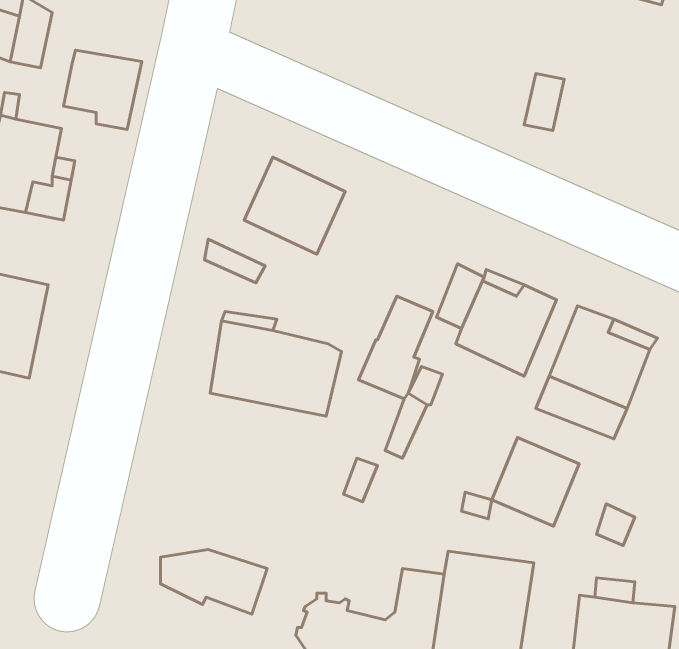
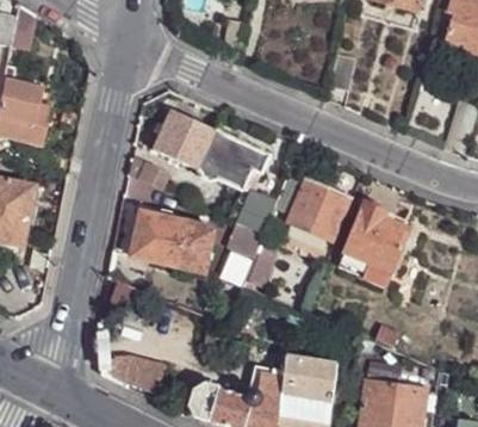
building: [64,50,142,129] -> none
building: none -> [200,128,272,188]
building: [492,437,579,526] -> none

